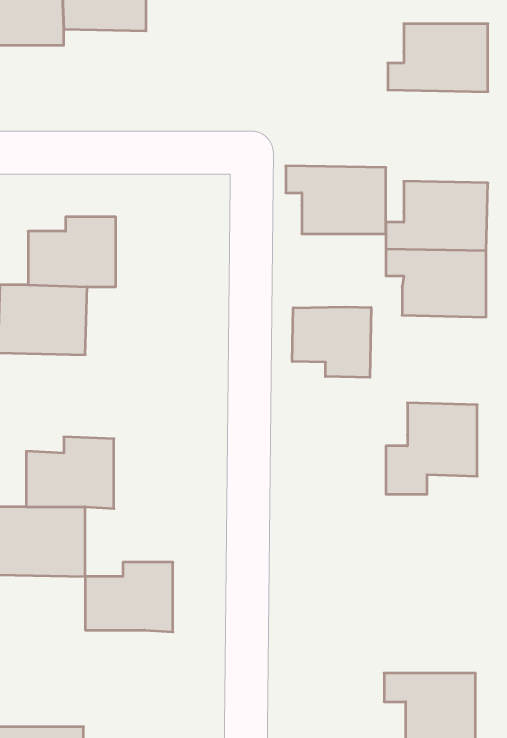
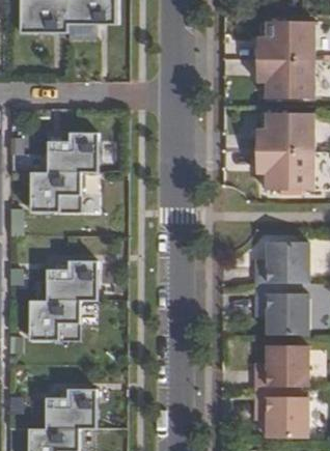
building: [286,166,386,234] -> [256,58,314,97]
building: [292,307,371,377] -> none
building: none -> [255,292,308,334]
building: [85,562,173,632] -> [46,388,97,428]
building: none -> [254,343,307,396]

